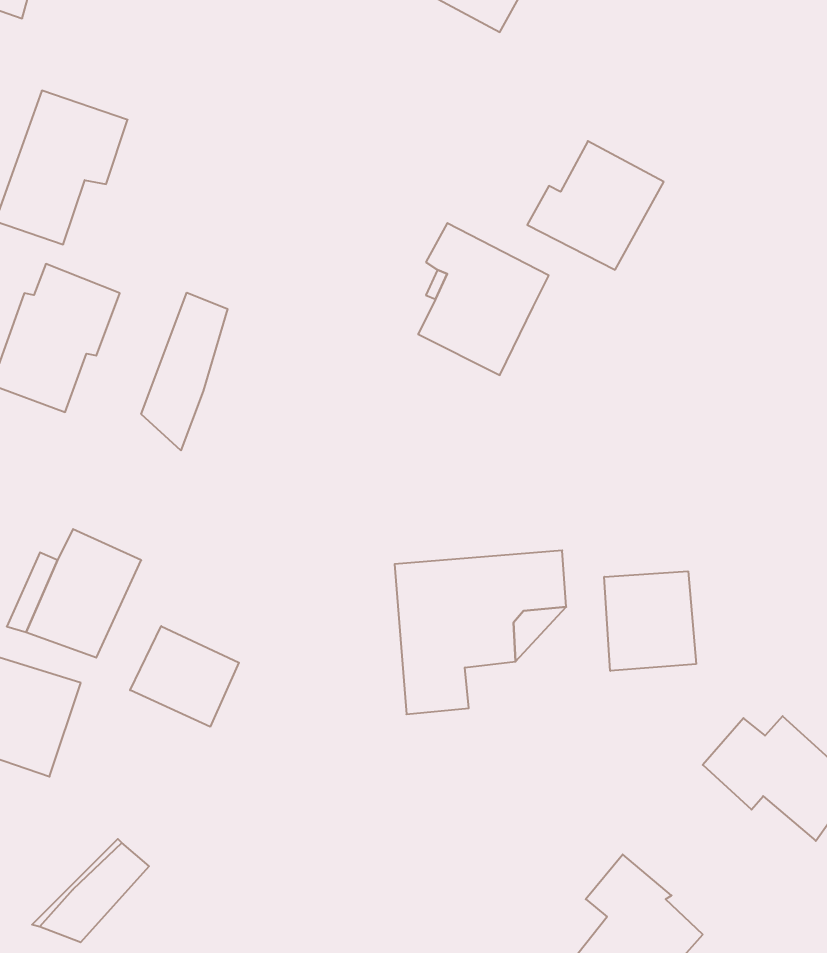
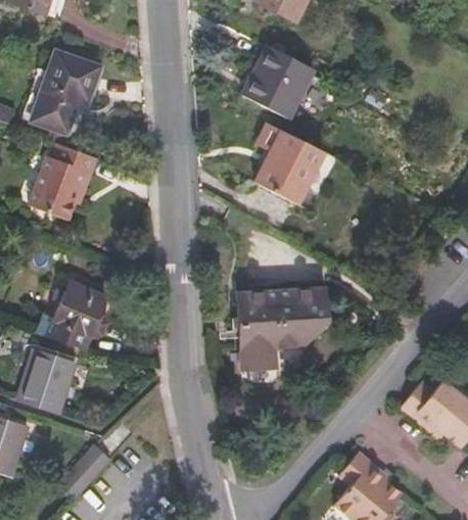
building: [527,141,664,270] -> [243,50,315,117]
building: [141,293,228,450] -> none
building: [604,571,696,671] -> none
building: [130,626,239,727] -> none

